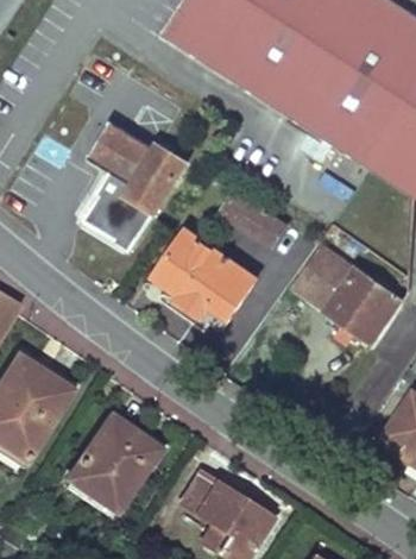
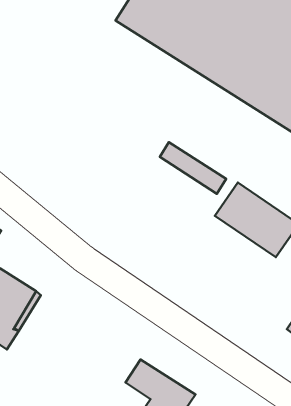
building: [82,124,183,252] -> none
building: [146,231,254,329] -> none
building: [63,416,155,513] -> none

